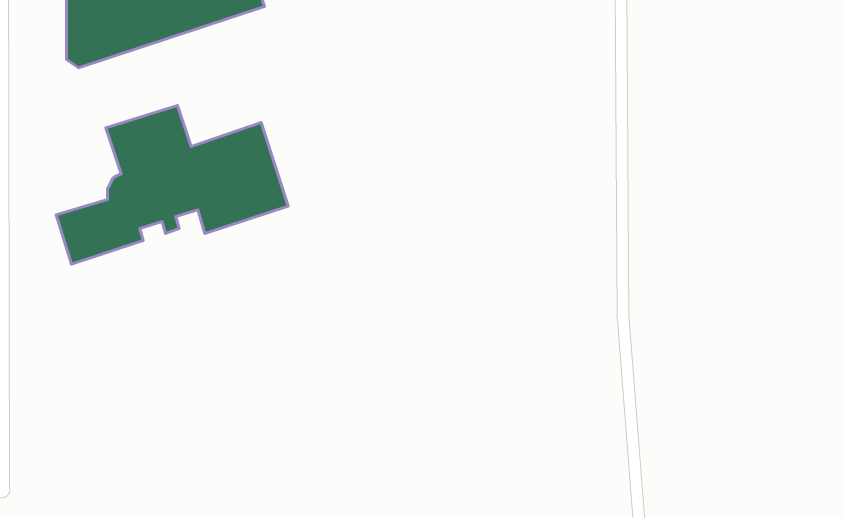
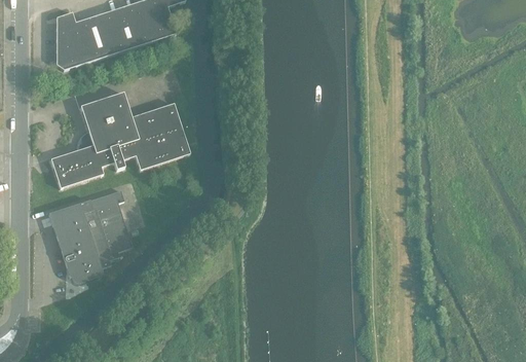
building: none -> [48,188,133,283]

